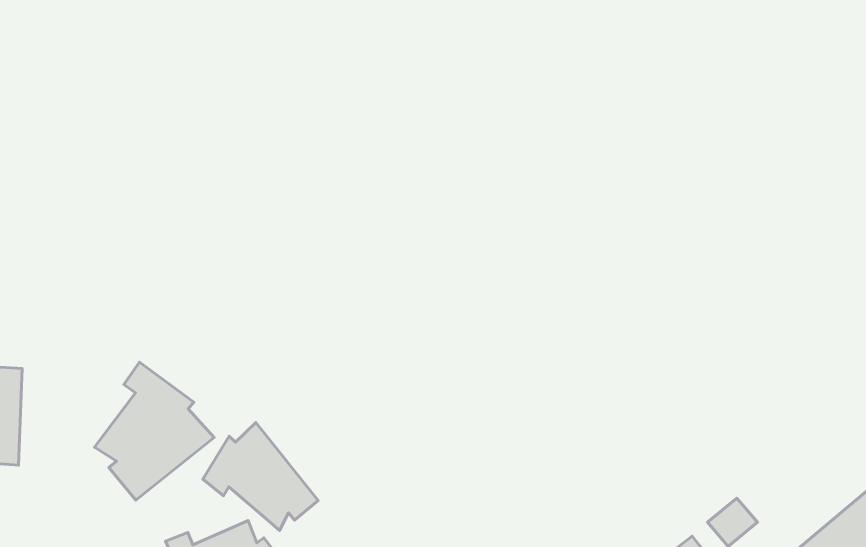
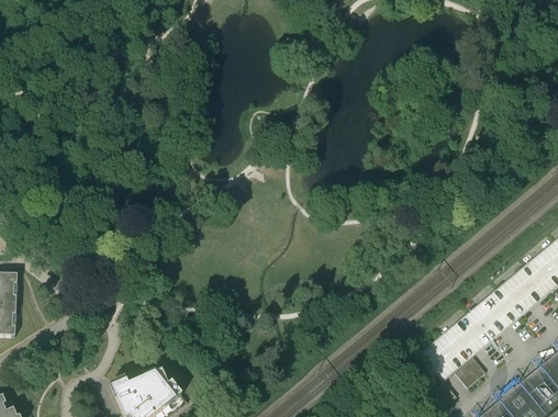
building: [95,362,214,500] -> none
building: [203,423,318,530] -> none

